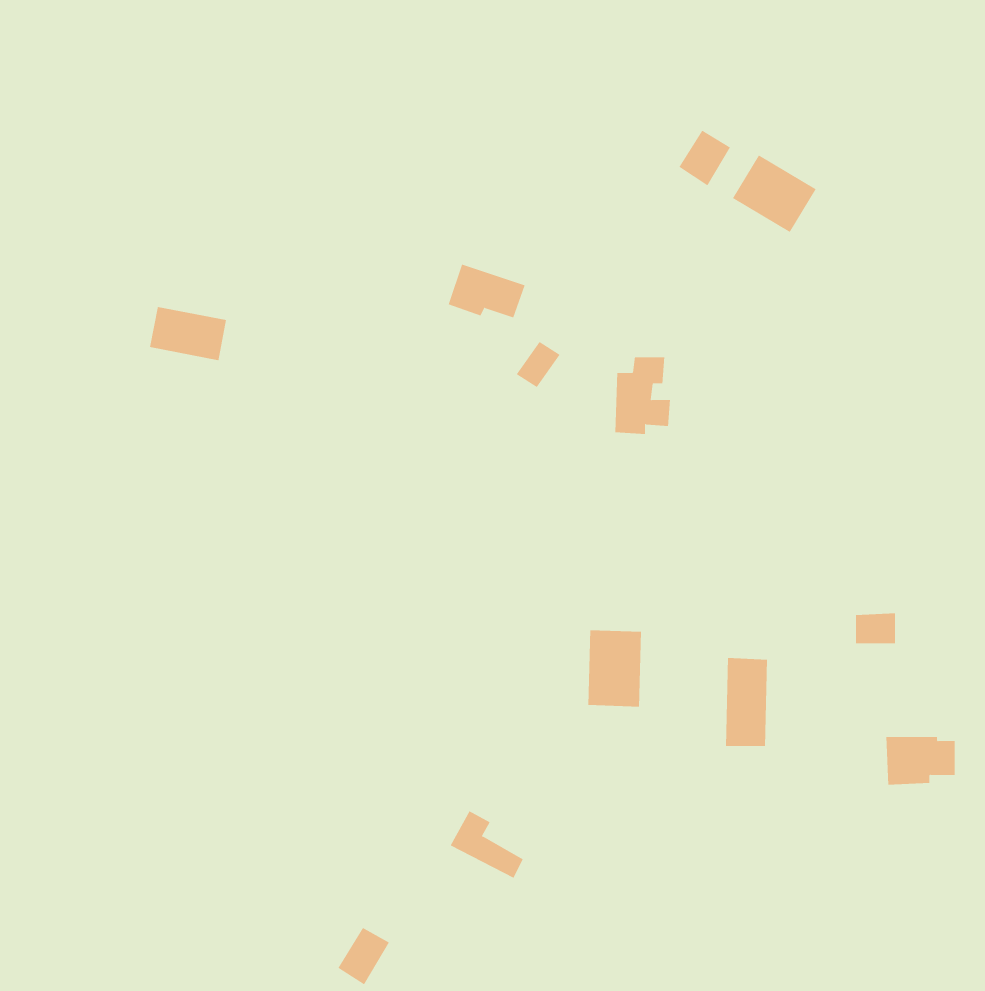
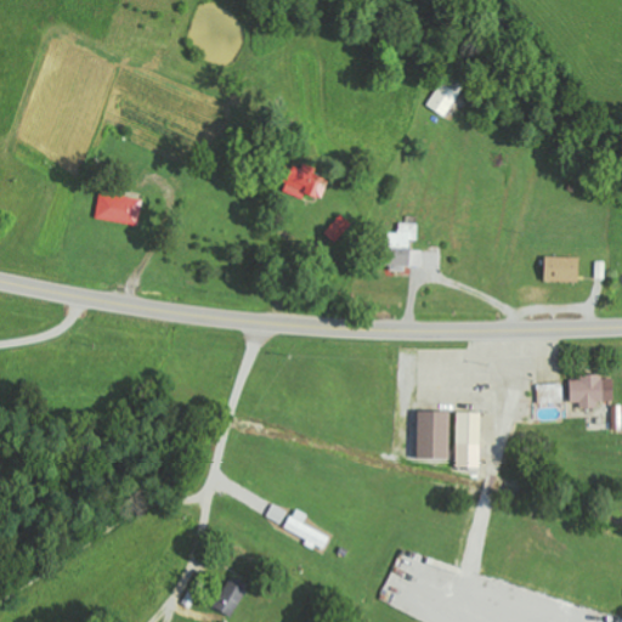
building: [732,154,817,233] -> none
building: none -> [542,255,578,283]
building: [587,630,642,707] -> [415,411,449,459]
building: [886,737,955,785] -> [569,377,612,407]

